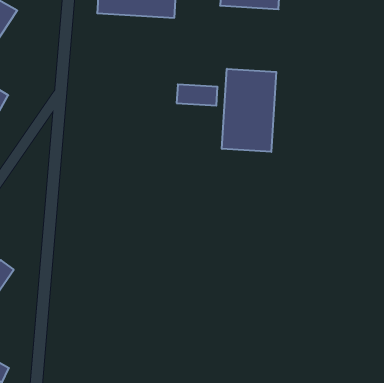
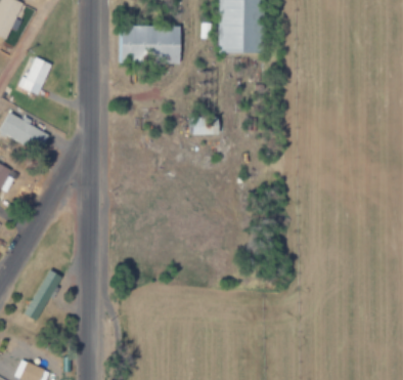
building: [222,69,276,152] -> none

